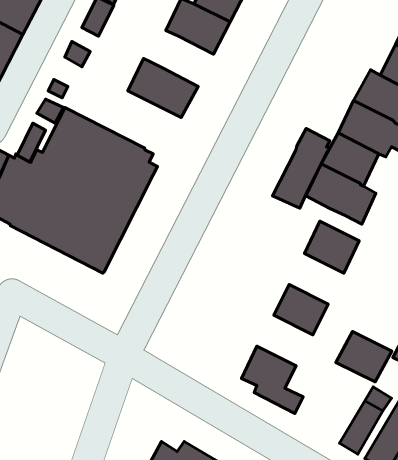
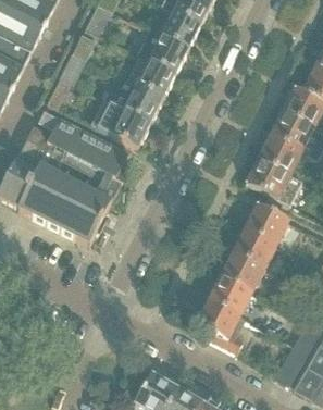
building: none -> [124,54,174,98]
building: none -> [89,98,149,147]
building: [273,129,330,208] -> none
building: none -> [233,227,275,266]
building: [336,331,392,382] -> [208,275,251,314]

